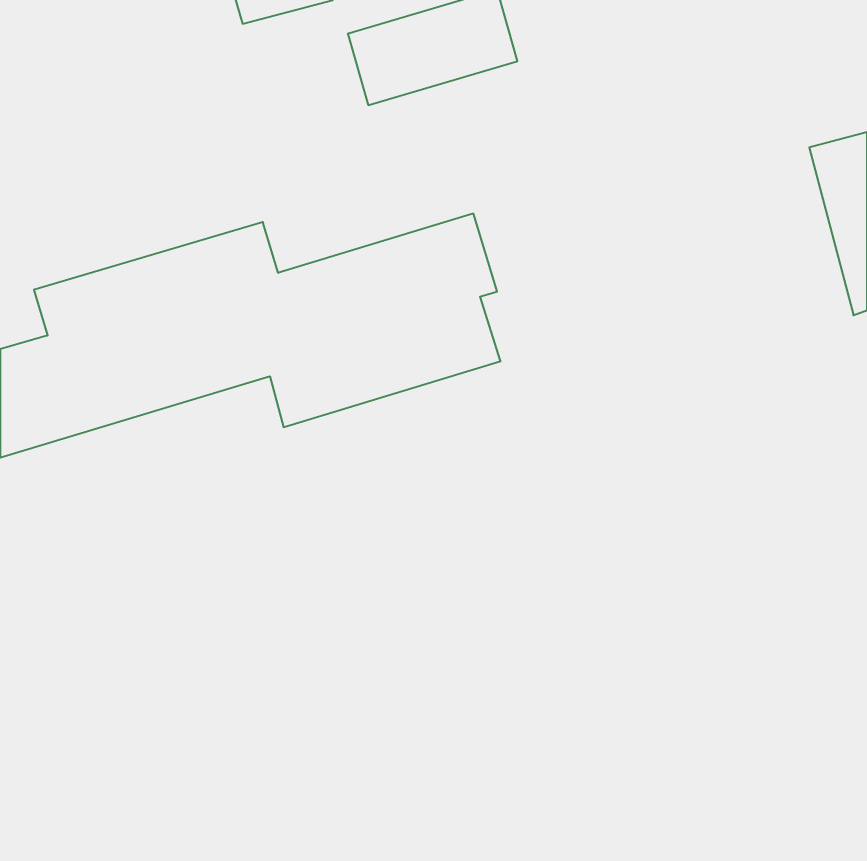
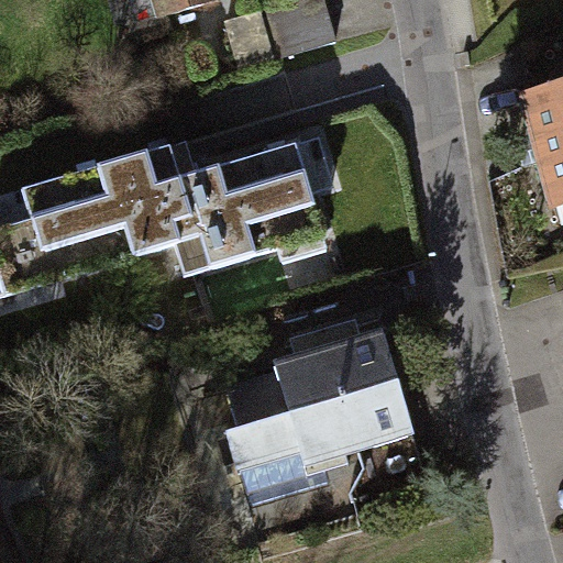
building: none -> [228,331,413,493]

